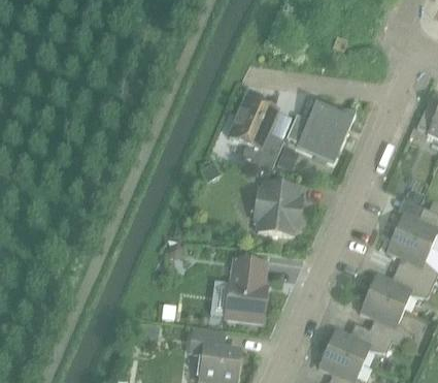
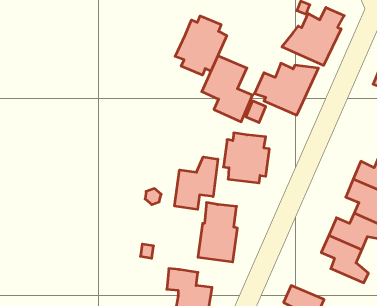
building: none -> [282,7,344,65]
building: none -> [175,16,227,75]
building: none -> [175,157,218,209]
building: [327,322,406,362] -> none

